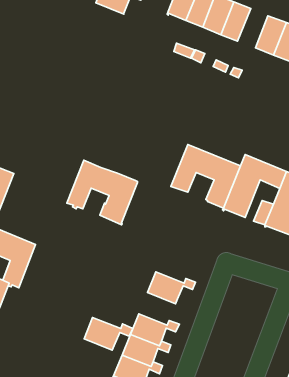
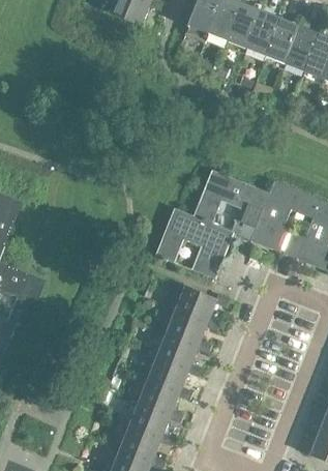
building: none -> [267,19,300,62]
building: [67,160,137,225] -> [156,207,234,278]
building: none -> [177,286,230,322]
building: [84,317,133,350] -> [158,332,212,369]

